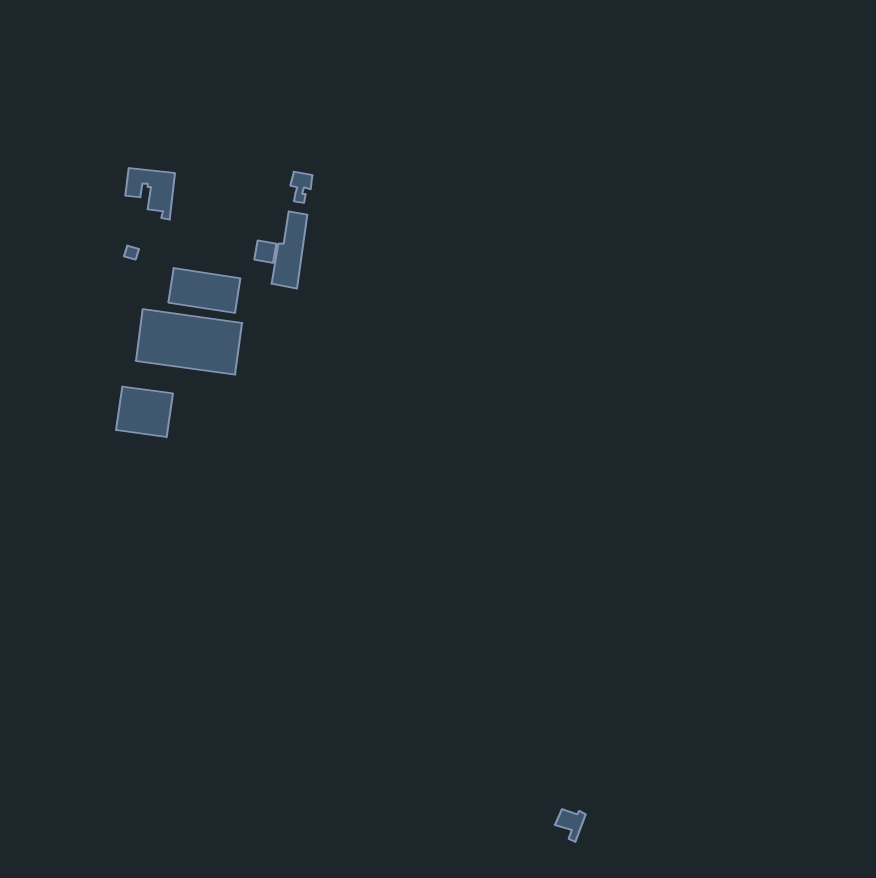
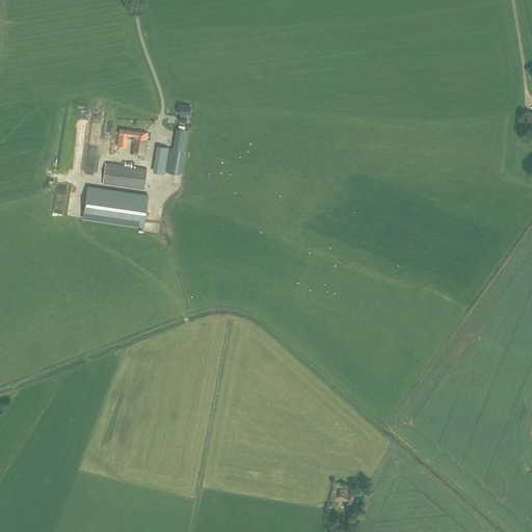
building: [125,168,175,220] -> [116,129,147,160]
building: [116,386,173,437] -> none

